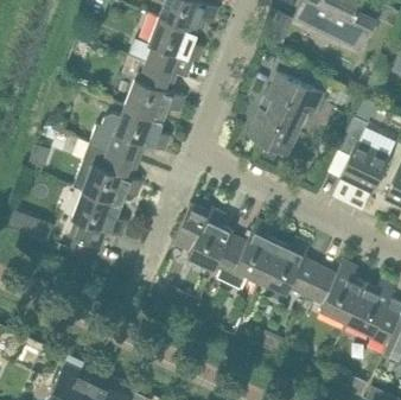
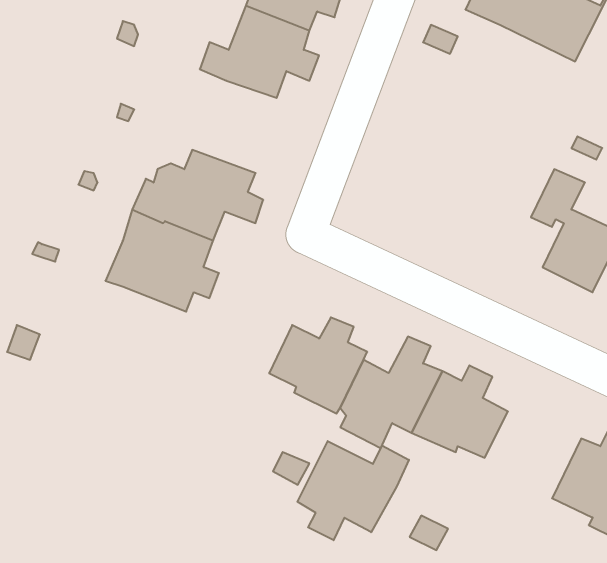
building: [125,64,184,121] -> none
building: [248,74,323,154] -> none
building: [66,191,126,266] -> none
building: [305,262,364,322] -> none
building: none -> [297,441,409,540]

